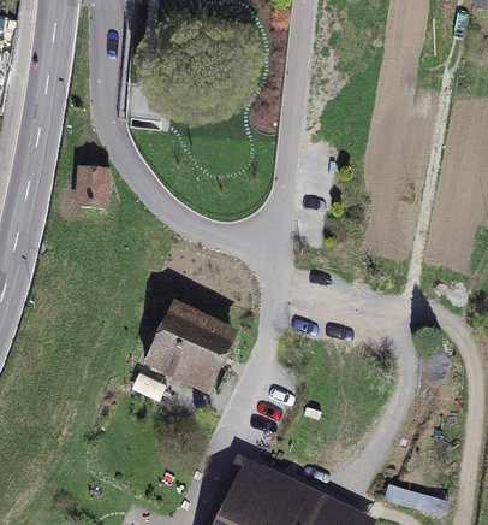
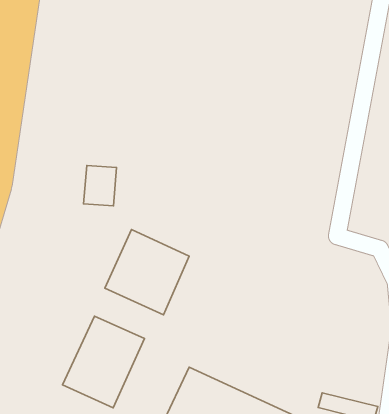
building: [75,165,112,211] -> [84,165,117,206]
building: none -> [62,316,145,408]

